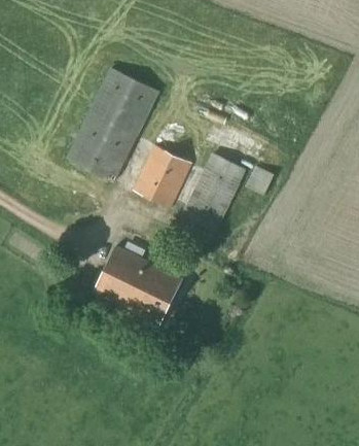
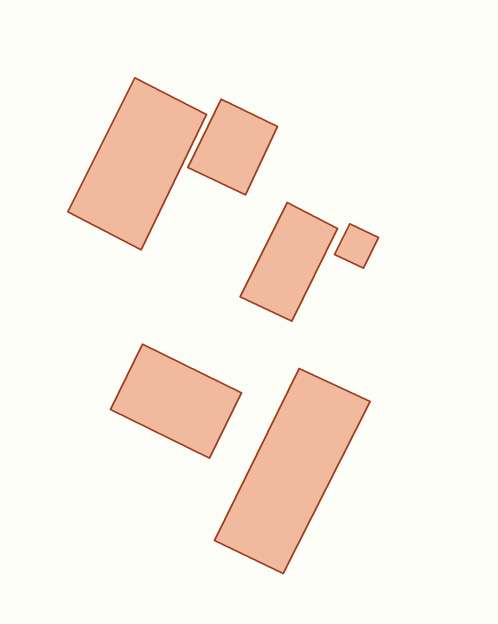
building: [133,143,193,208] -> [188,99,278,195]
building: none -> [214,369,370,573]

